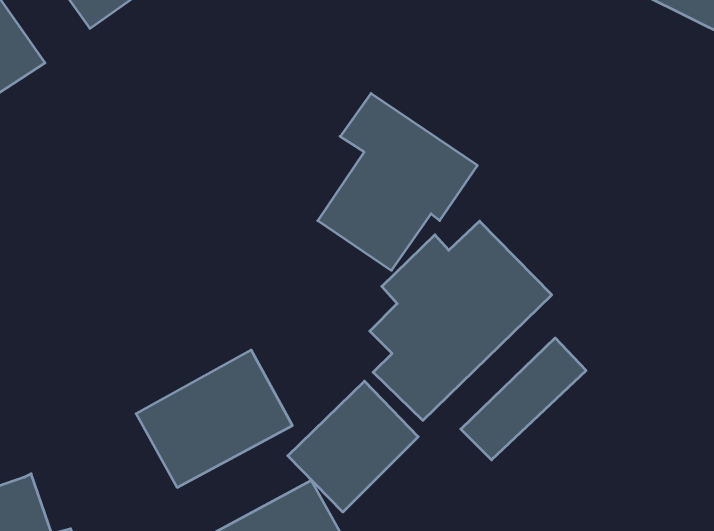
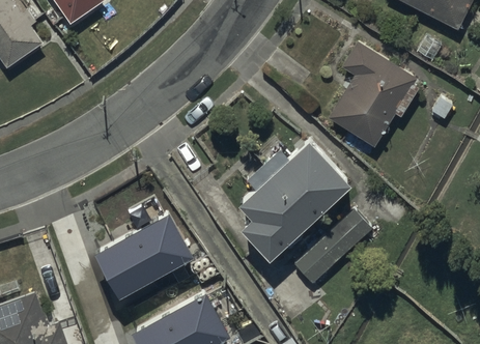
building: [318,93,477,270] -> [327,38,423,145]
building: [288,381,418,512] -> none

